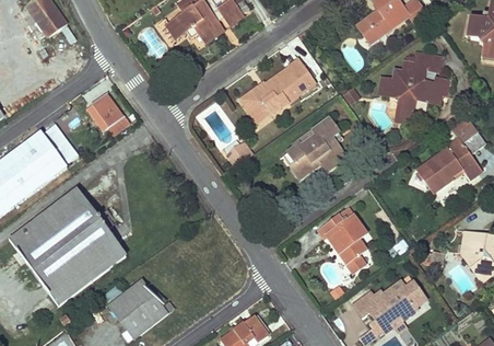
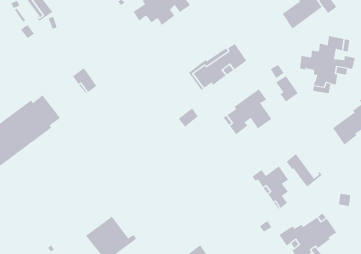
building: none -> [276,75,299,102]
building: [10,187,127,304] -> none
building: none -> [286,153,322,187]

